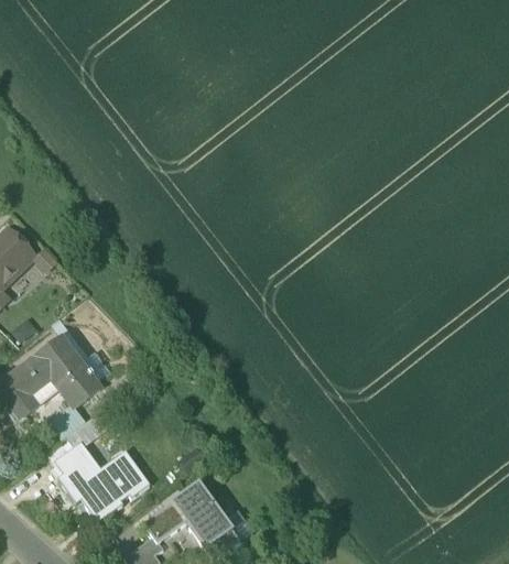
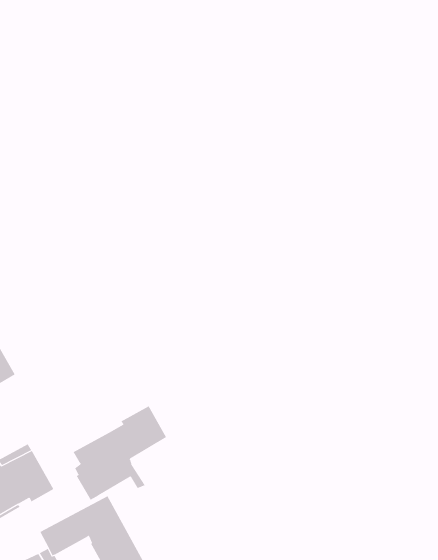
building: none -> [73,406,167,501]

